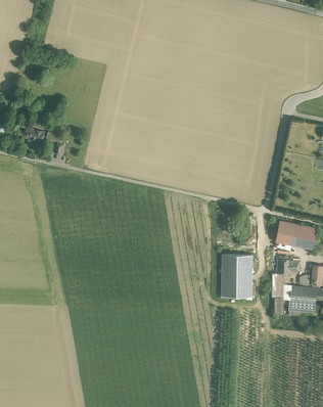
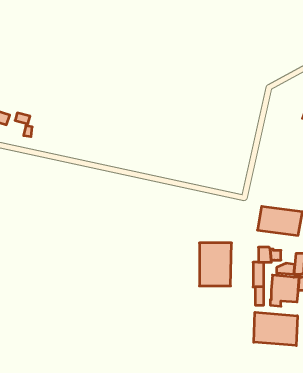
building: none -> [254,312,297,346]

